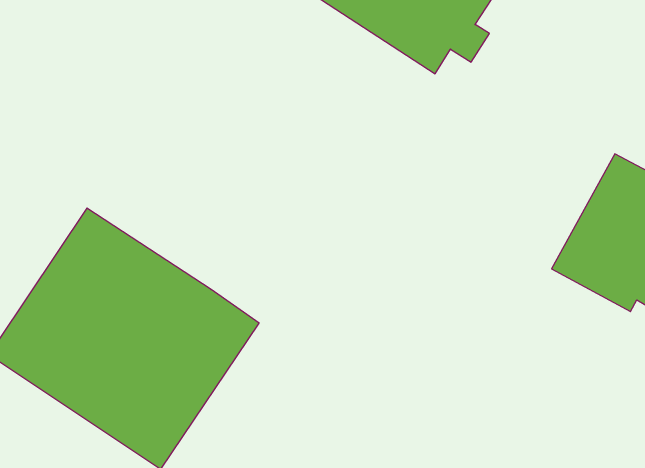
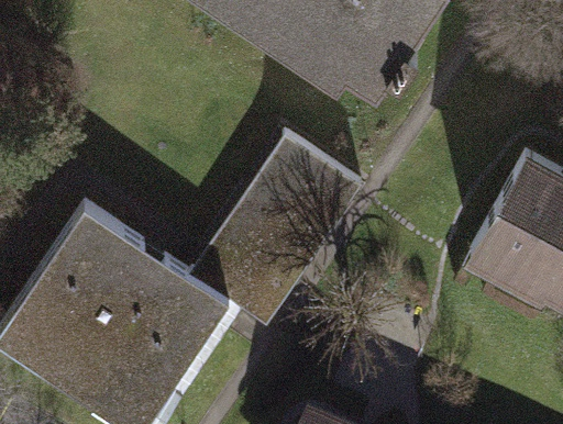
building: none -> [190,131,362,322]

